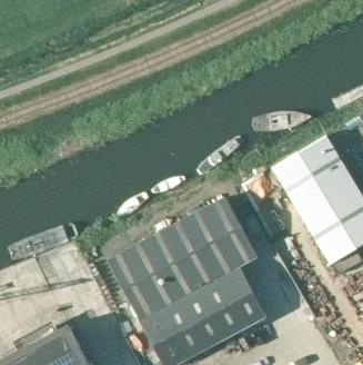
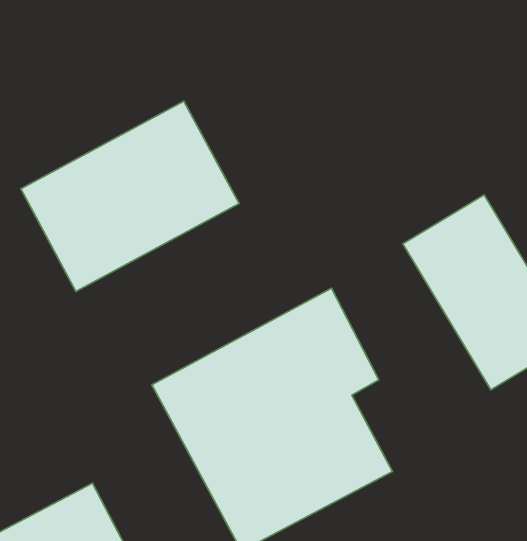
building: none -> [21,101,239,291]

